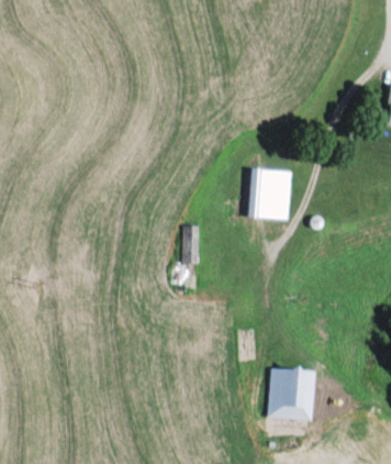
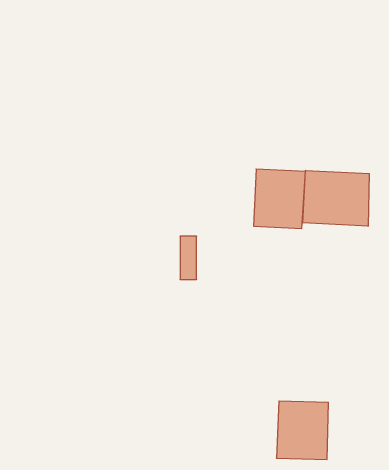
building: none -> [303,170,369,226]

